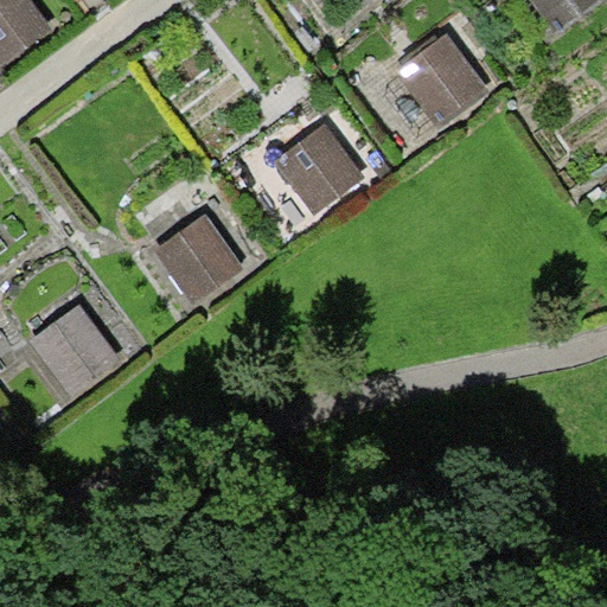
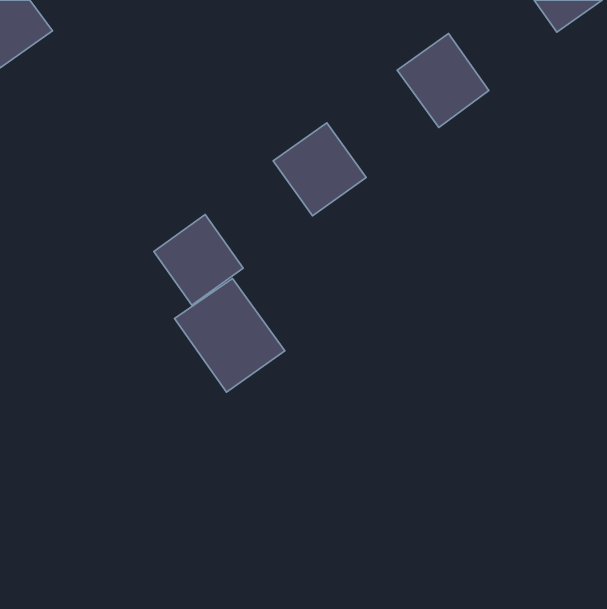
building: none -> [175,278,285,392]
building: [27,304,121,400] -> none

